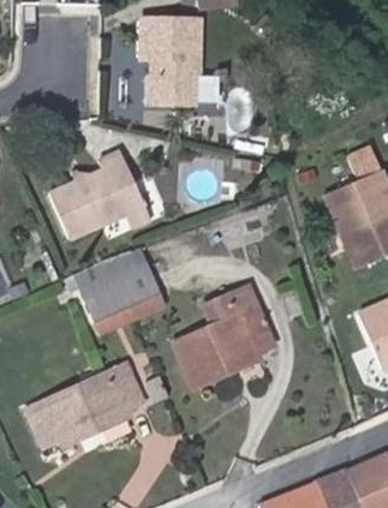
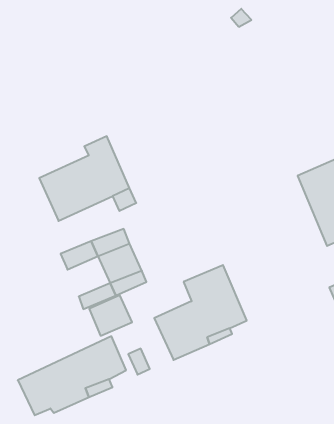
building: [142,19,198,104] -> none
building: [80,276,126,319] -> [89,295,132,336]

